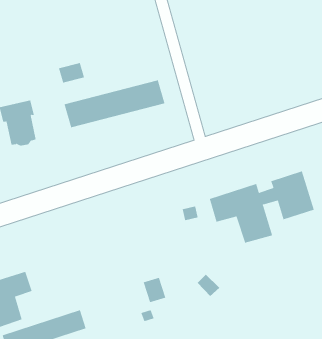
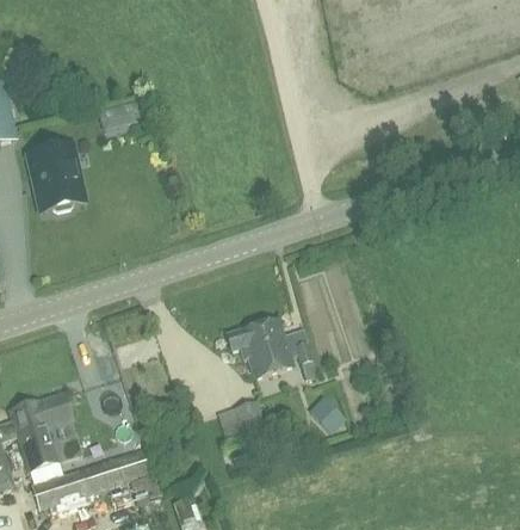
building: [64,79,165,128] -> none
building: [209,170,314,244] -> none
building: none -> [225,318,317,377]

